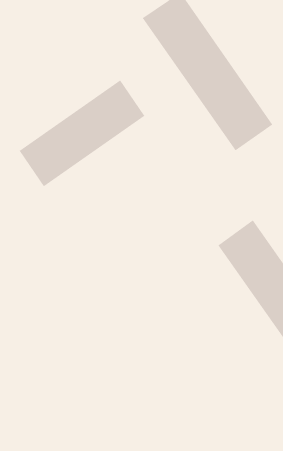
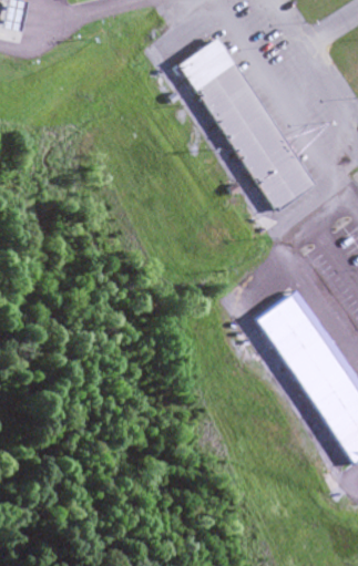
building: [19,80,145,187] -> none

